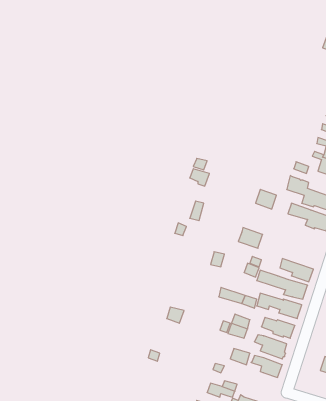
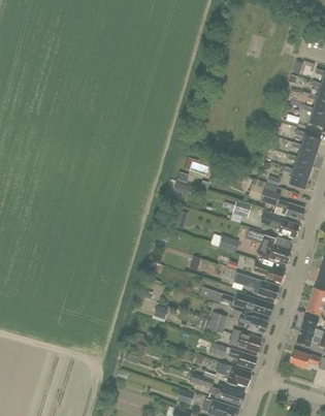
building: none -> [246,229,289,263]
building: none -> [217,362,251,385]

